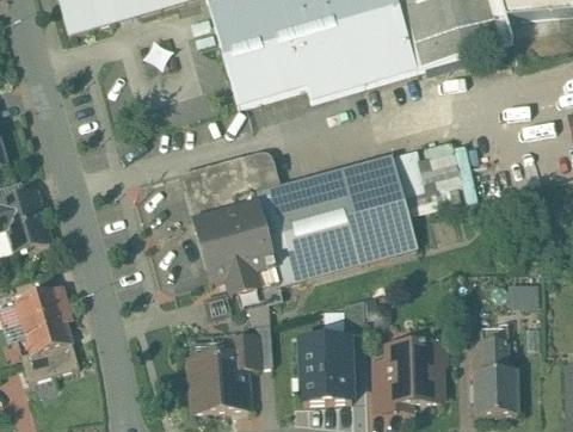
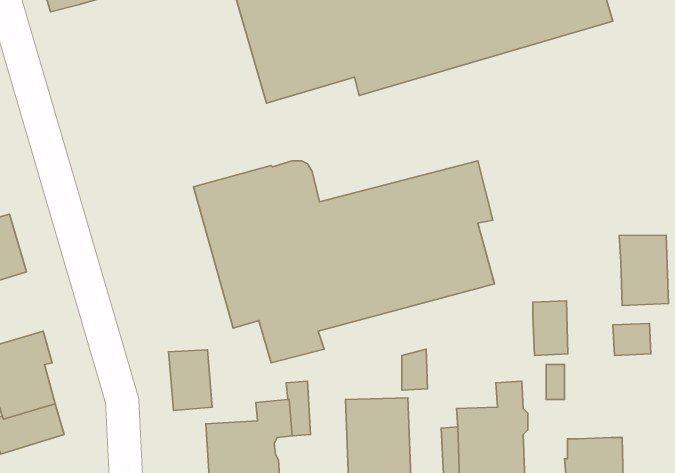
building: none -> [619,235,669,305]
building: none -> [168,350,212,411]
building: [481,327,509,370] -> [533,301,568,355]

